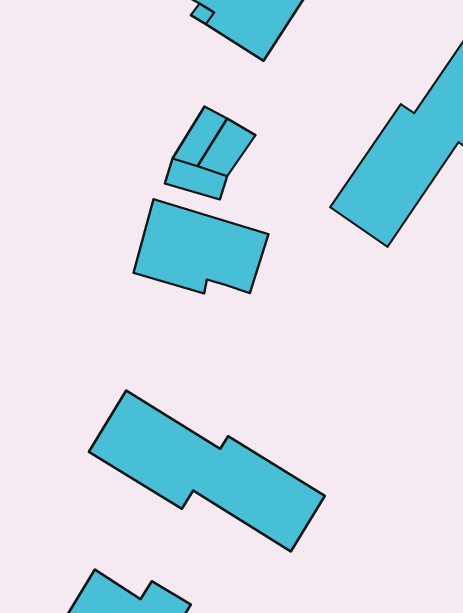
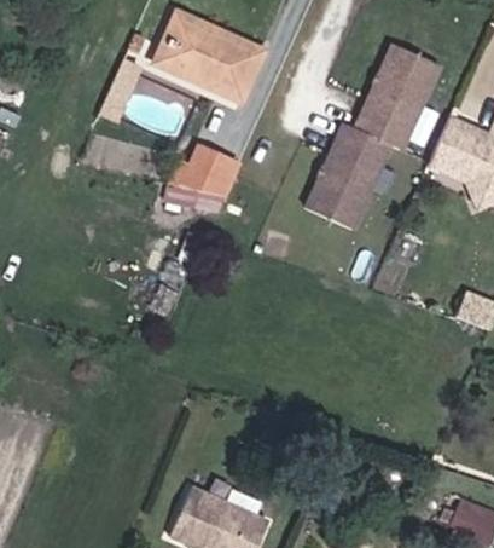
building: [133,199,268,293] -> none
building: [89,390,325,552] -> none

